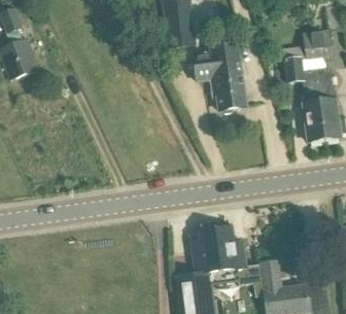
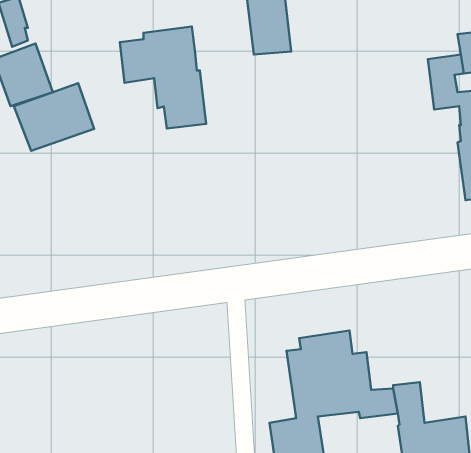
building: [188,43,245,110] -> [120,27,206,128]
building: none -> [14,83,94,151]

